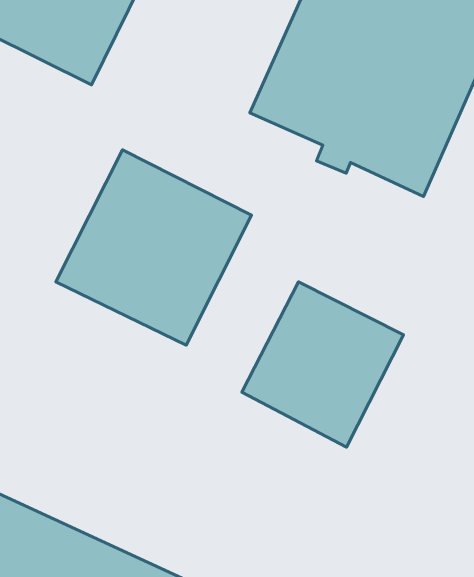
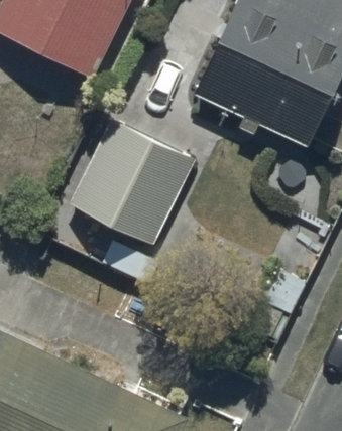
building: [242,282,403,447] -> none

